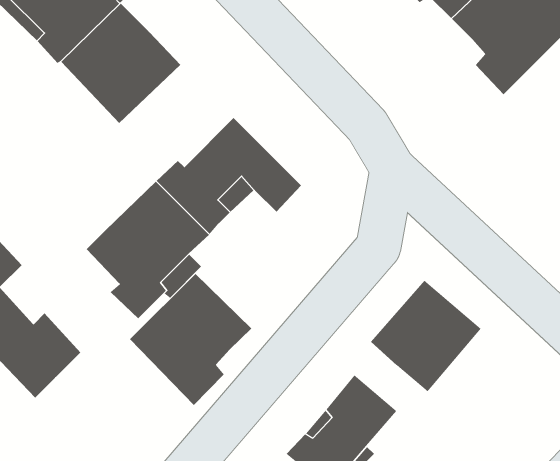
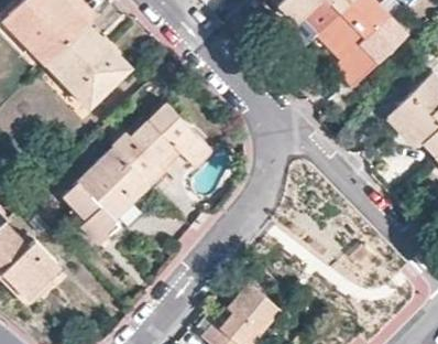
building: [129,273,252,406] -> none
building: [370,280,482,392] -> none

